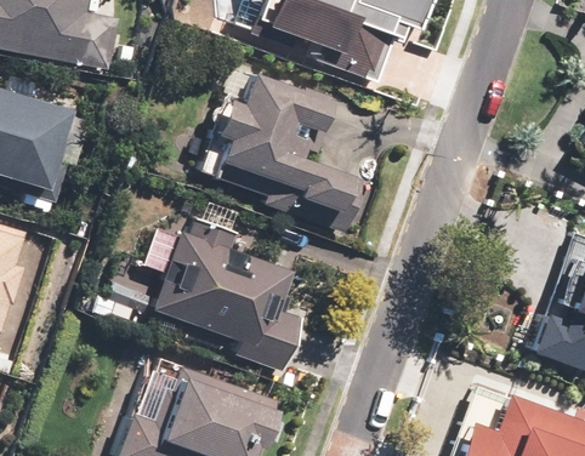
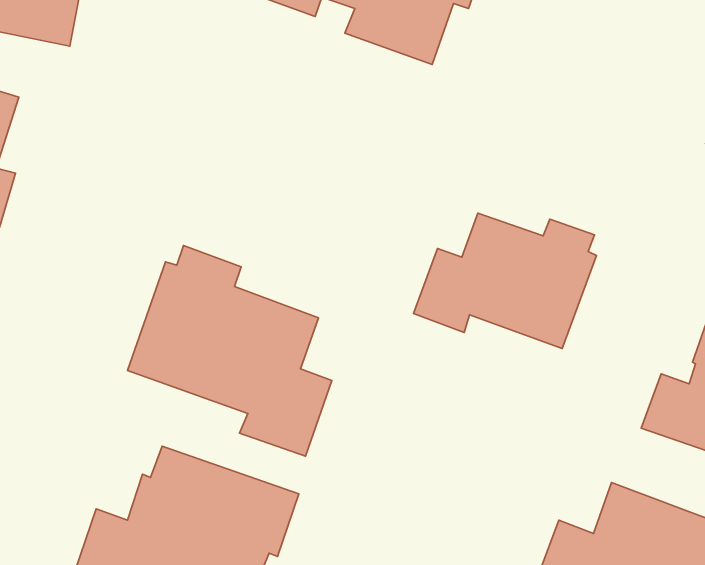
building: [214,69,363,233] -> none
building: none -> [413,213,597,349]

